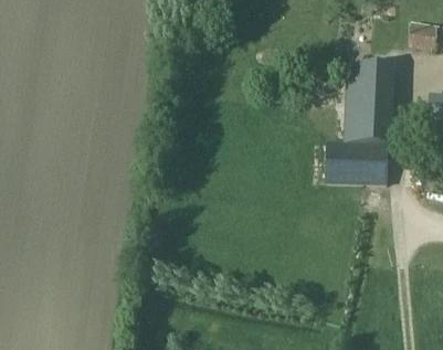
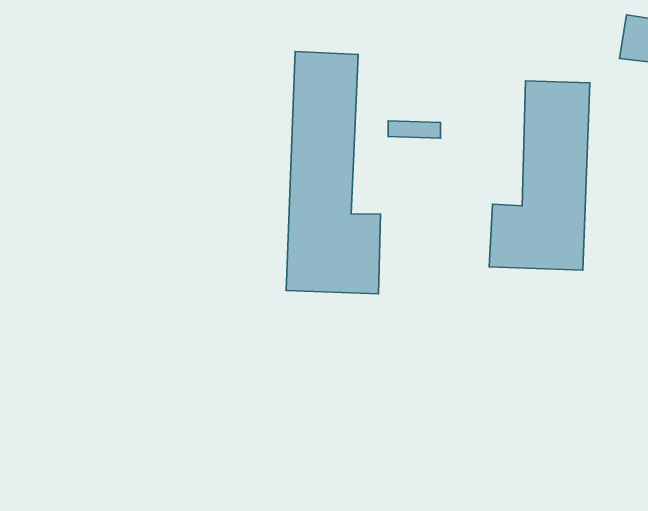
building: none -> [286,51,380,294]

